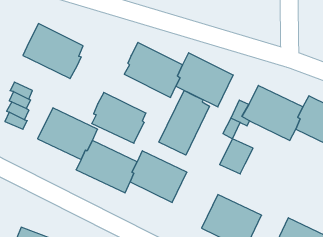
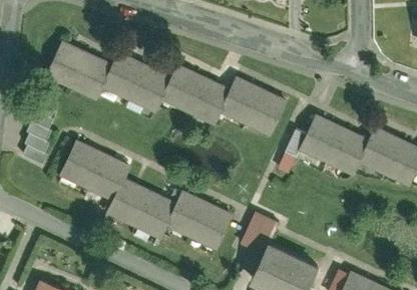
building: [159,90,209,155] -> none
building: [92,92,146,143] -> [106,53,169,112]
building: [220,139,253,174] -> [241,211,280,252]

